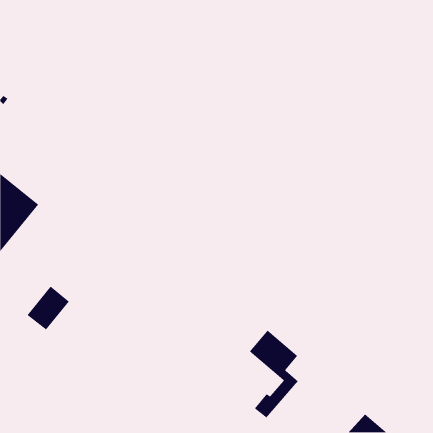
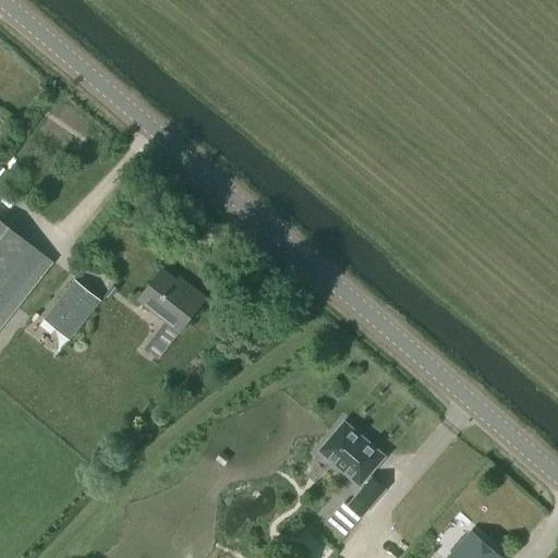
building: none -> [140,271,205,330]
building: [27,286,70,331] -> [44,281,99,339]

